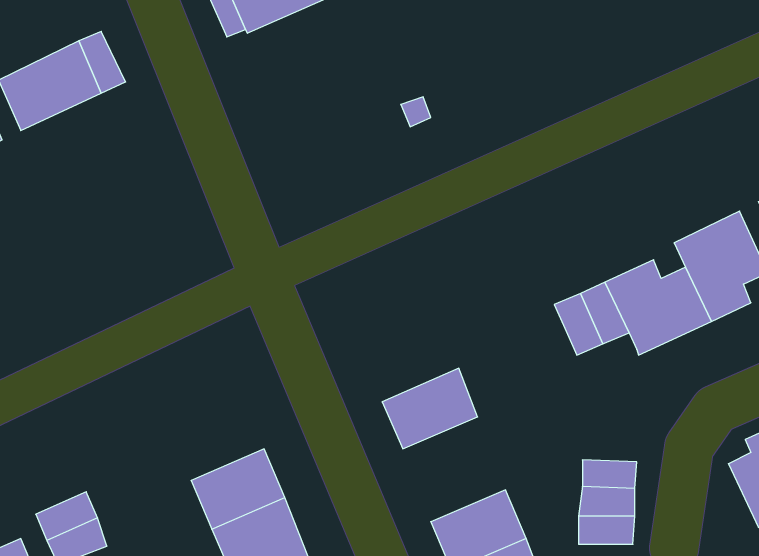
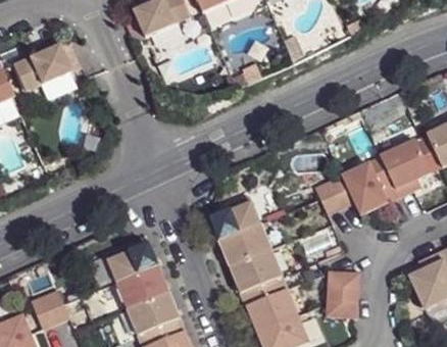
building: none -> [209,193,261,240]
building: none -> [105,244,155,283]
building: none -> [231,248,287,305]

